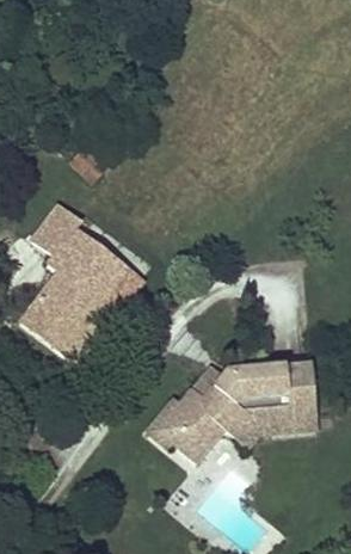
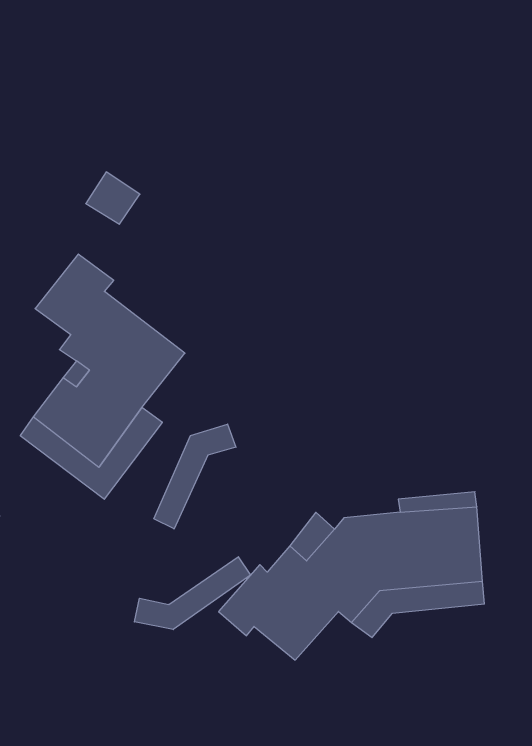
building: none -> [154,424,236,529]
building: none -> [134,557,251,630]

